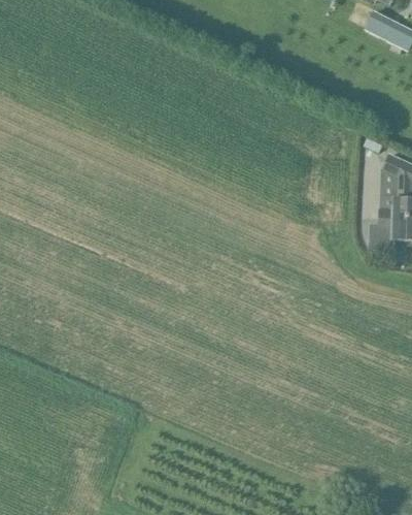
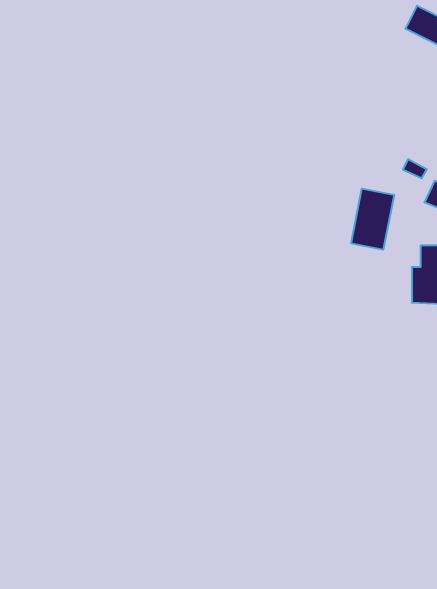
building: none -> [351,188,394,250]

